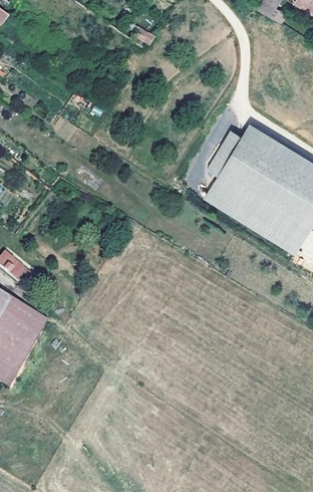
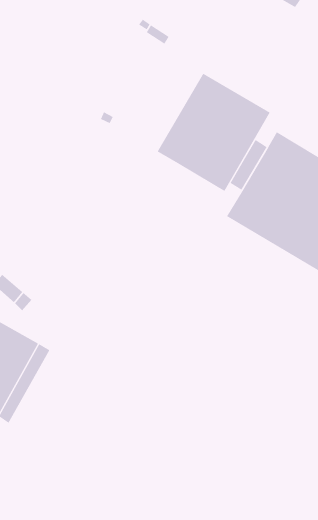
building: none -> [157,73,271,192]

